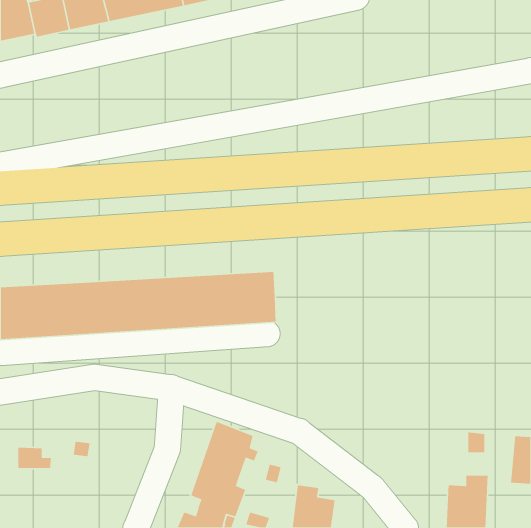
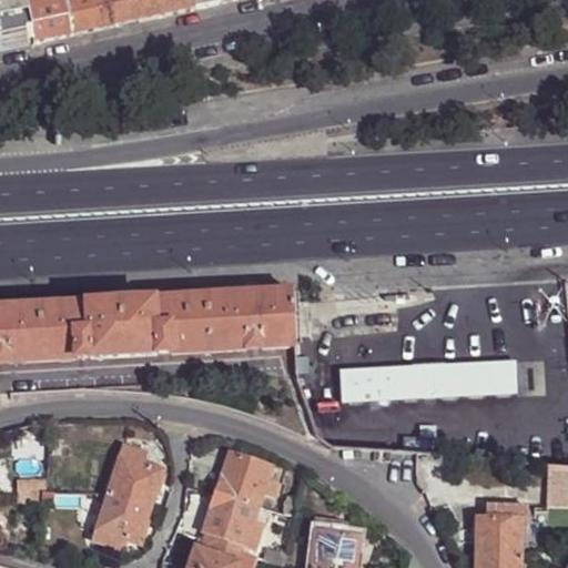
building: none -> [345,358,516,395]
building: none -> [94,445,160,540]

